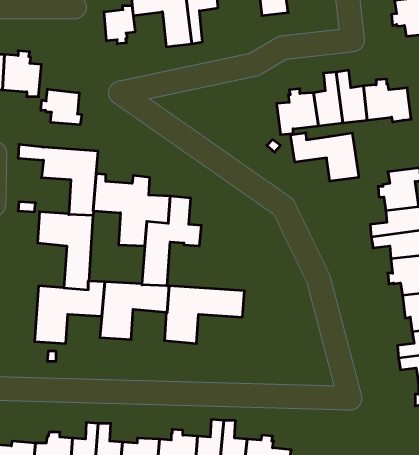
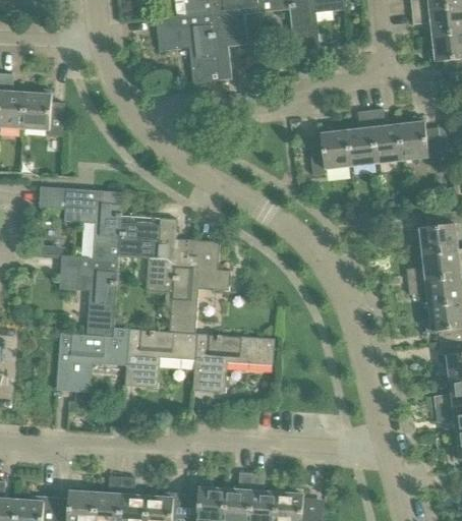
building: [104,5,135,44] -> none
building: [41,89,82,125] -> none
building: [290,133,359,181] -> none

